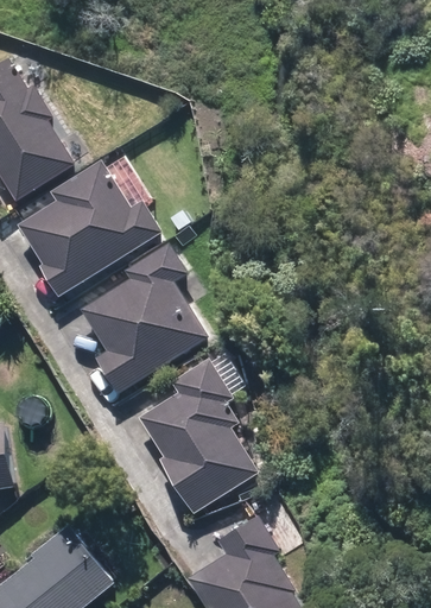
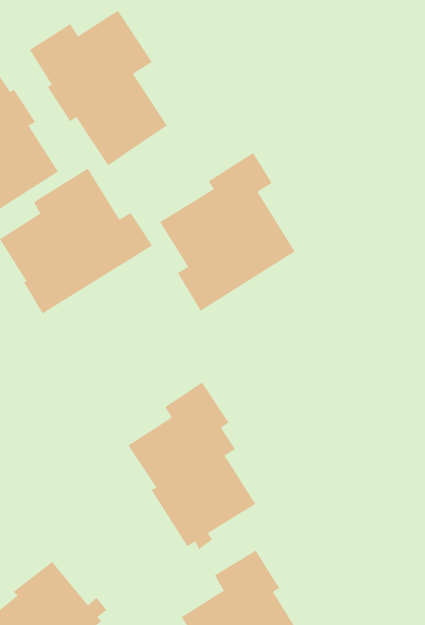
building: none -> [29,10,168,166]
building: [78,245,205,393] -> [159,152,296,311]

